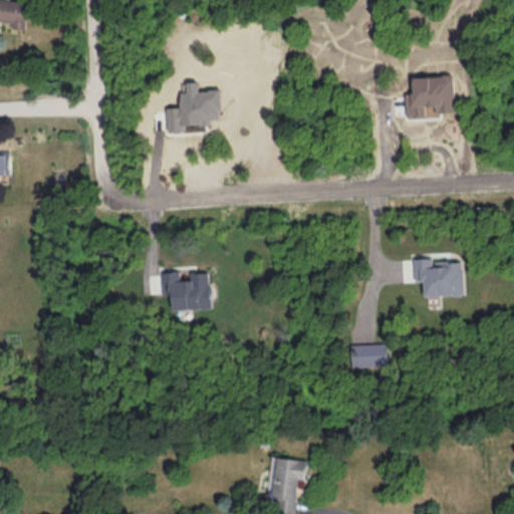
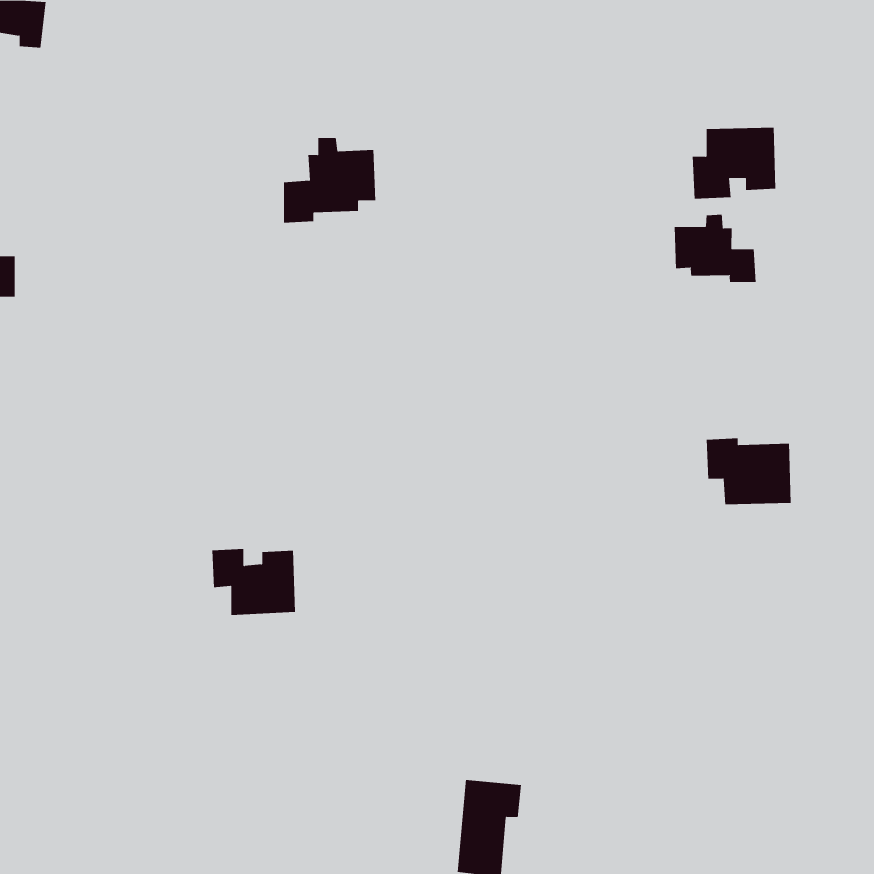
building: none -> [674,214,756,283]
building: [160,271,209,310] -> [212,548,296,615]
building: [349,343,386,368] -> none

